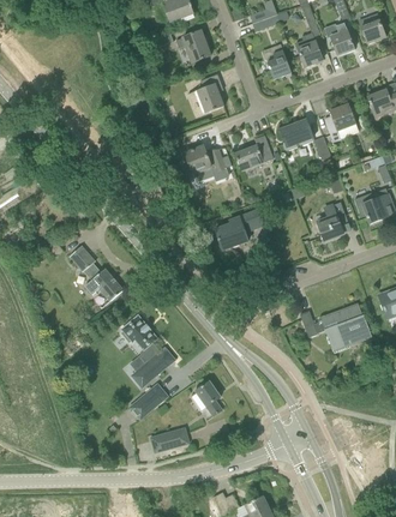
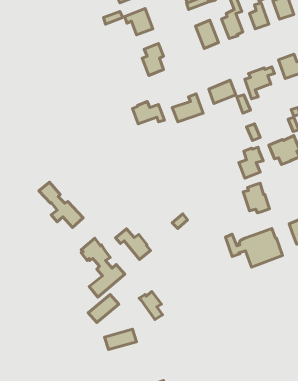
building: [215,210,262,250] -> none
building: none -> [243,183,269,213]
building: none -> [116,229,151,259]

